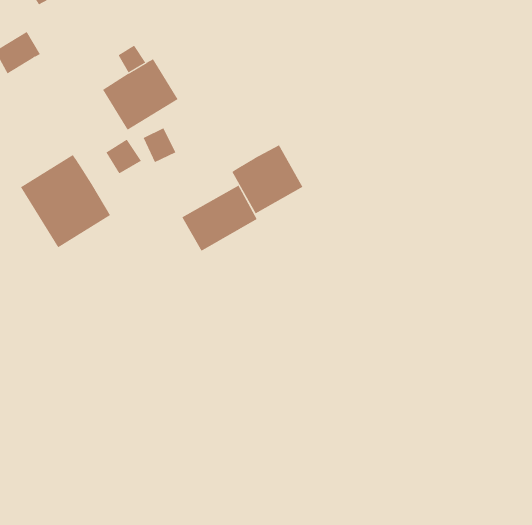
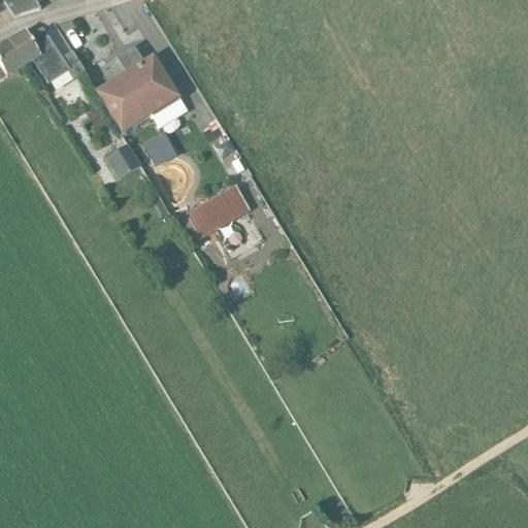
building: none -> [27,23,74,88]
building: [231,144,303,214] -> none
building: [20,154,111,248] -> none

